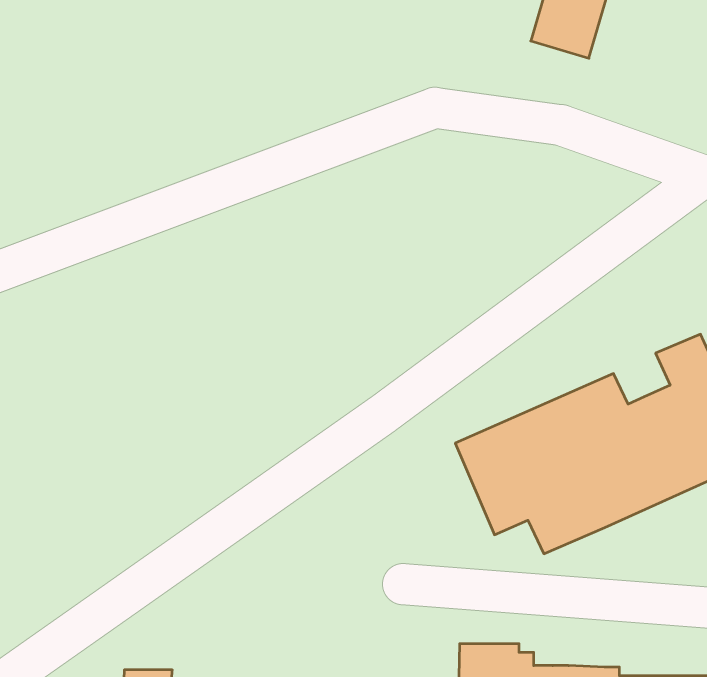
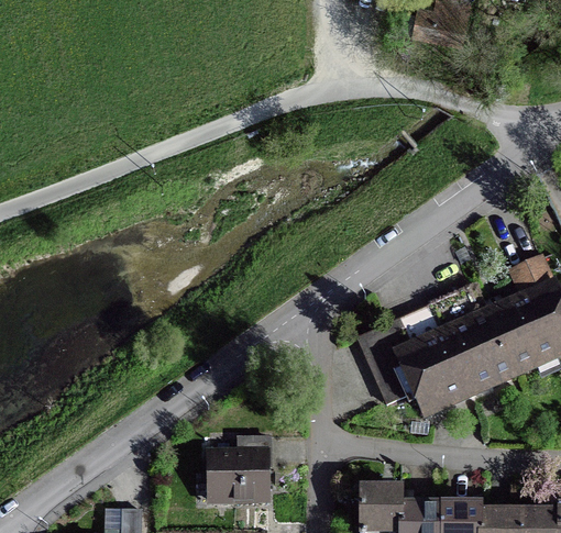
building: none -> [211,438,270,500]

